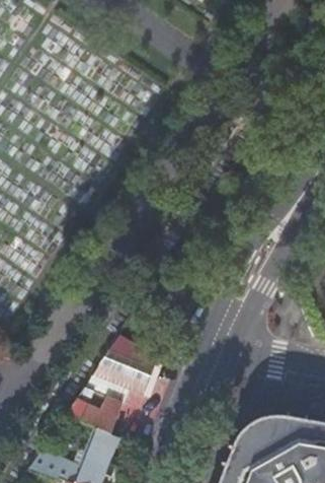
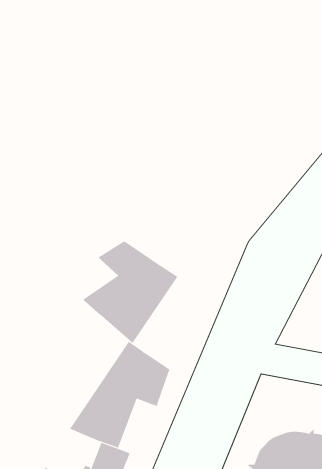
building: none -> [82,240,178,344]

